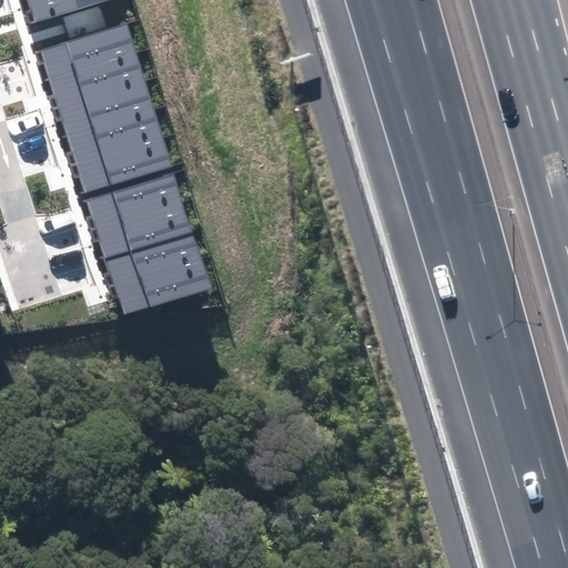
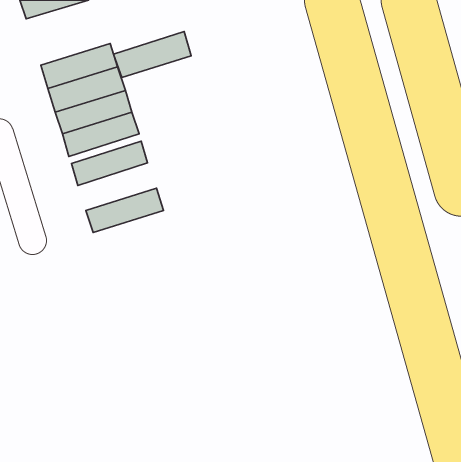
building: [40,23,135,80] -> [114,31,191,78]
building: [95,200,192,258] -> none
building: [114,258,210,314] -> none

